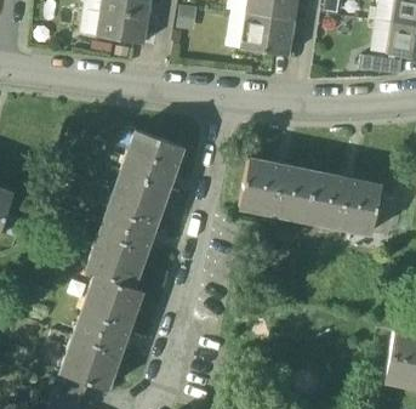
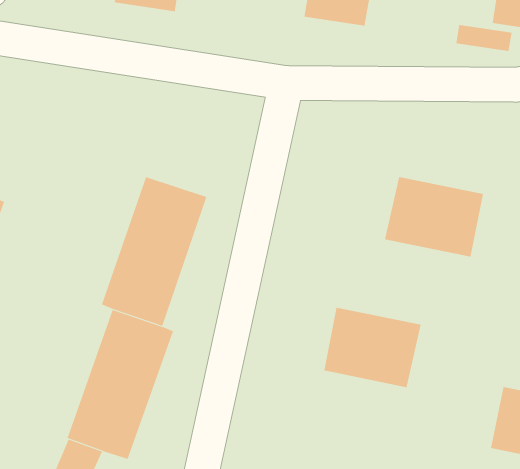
building: [120,130,182,187] -> none
building: [239,158,314,220] -> [323,307,421,388]

